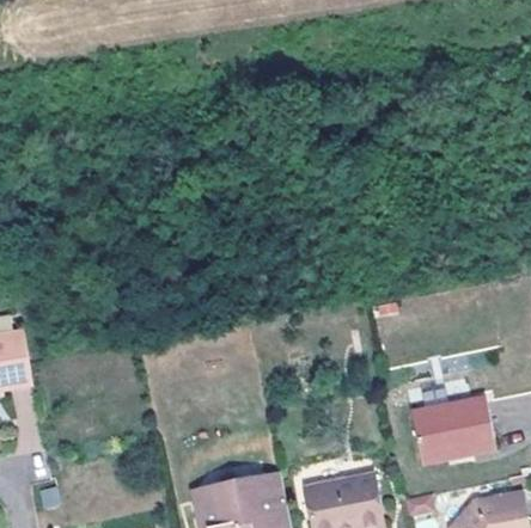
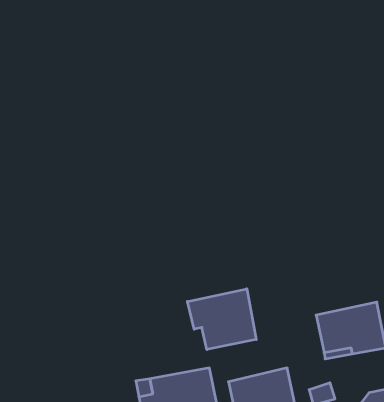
building: none -> [187,289,256,350]

